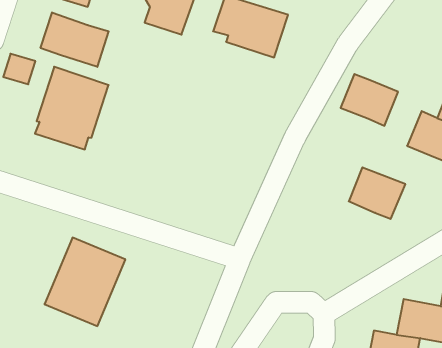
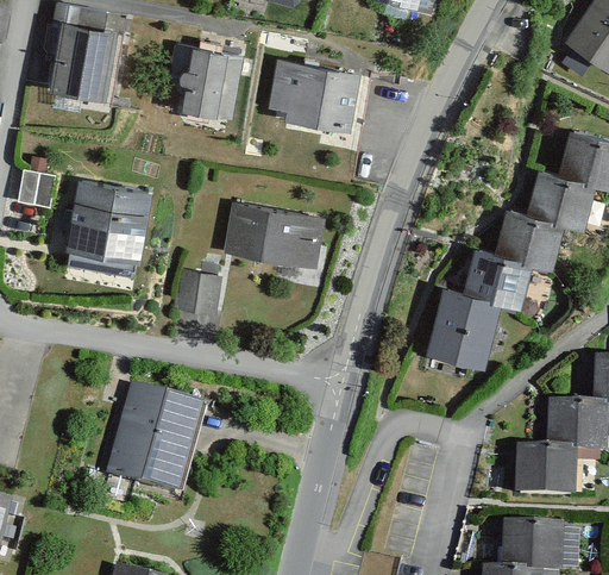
building: [41,12,109,67] -> none
building: [341,74,398,126] -> [496,210,564,268]
building: none -> [226,202,322,264]
building: none -> [172,269,220,313]
building: none -> [427,288,500,365]

